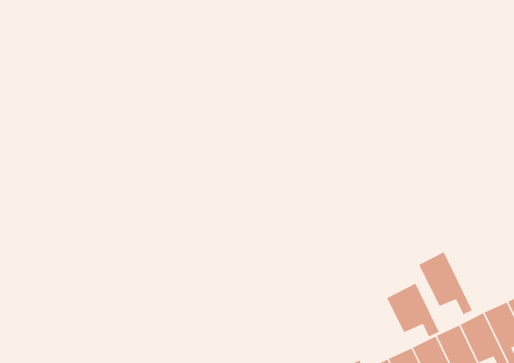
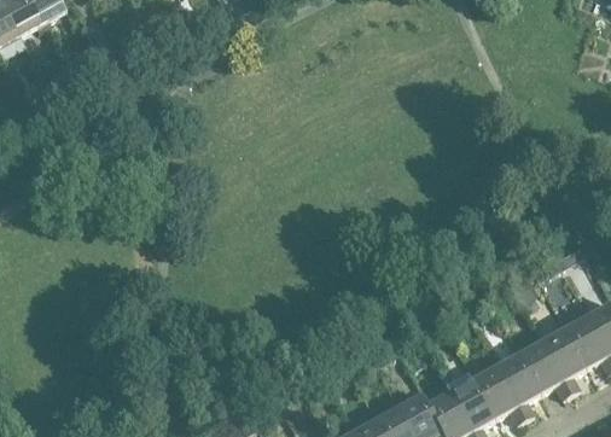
building: [418,251,473,315] -> none
building: [386,283,440,337] -> none

